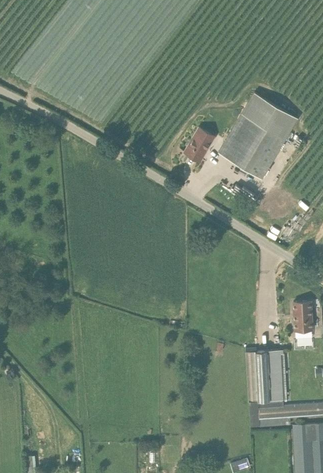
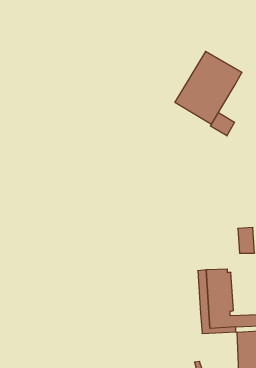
building: [186,128,216,160] -> none
building: none -> [210,112,234,136]

